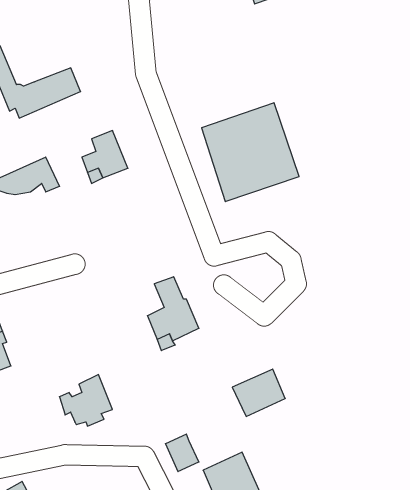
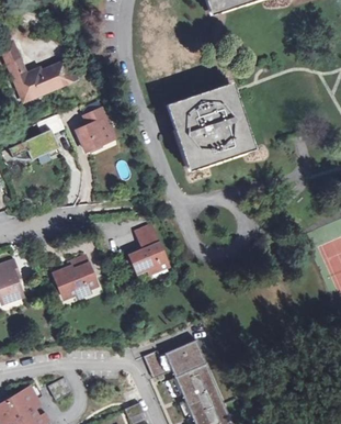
building: [232,369,285,416] -> [161,341,203,378]
building: [59,375,112,426] -> [54,256,95,297]

